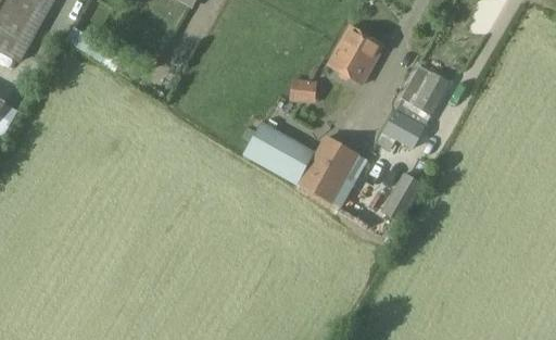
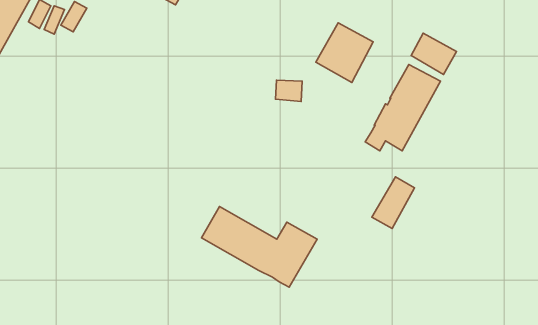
building: none -> [411,33,456,74]
building: [245,123,357,201] -> [202,206,317,287]

